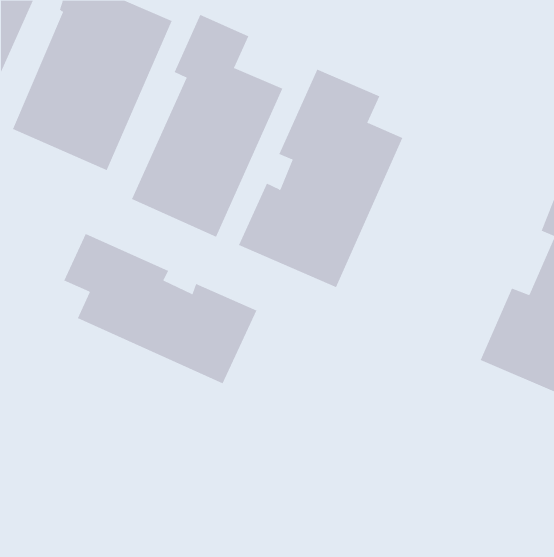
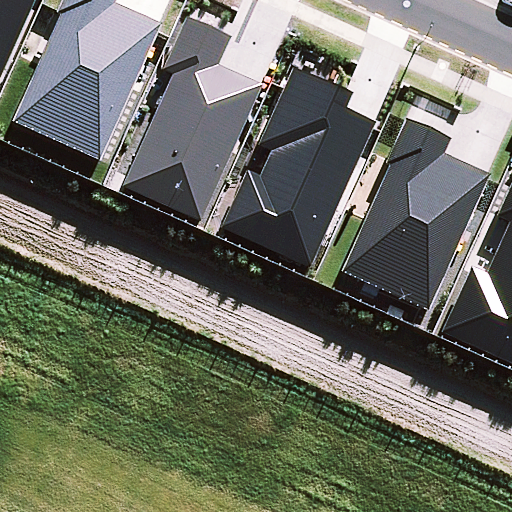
building: none -> [344,114,491,308]
building: [63,233,257,384] -> none

